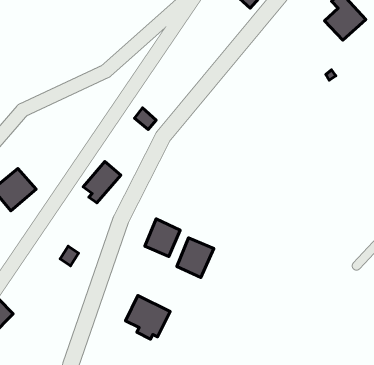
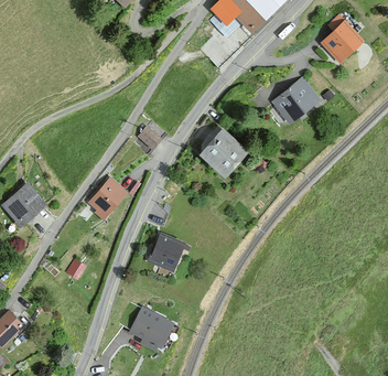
building: none -> [273,78,320,122]
building: none -> [202,129,248,175]
building: [177,238,214,278] -> none

